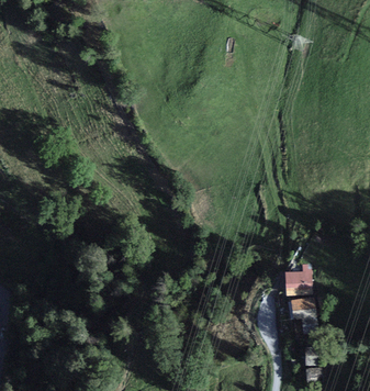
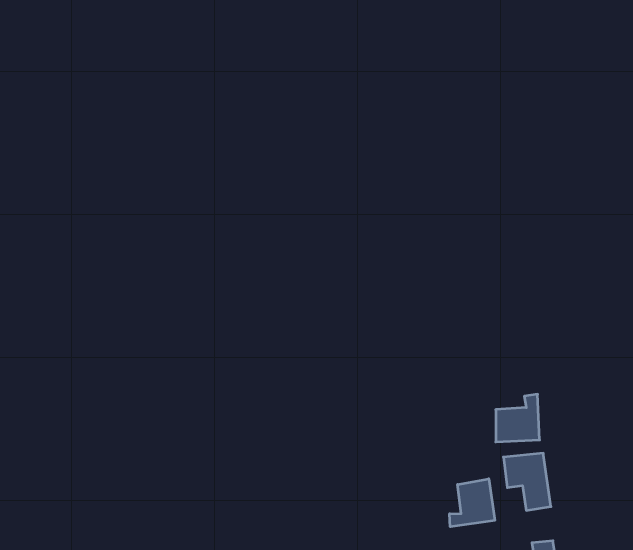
building: none -> [450,479,495,527]

